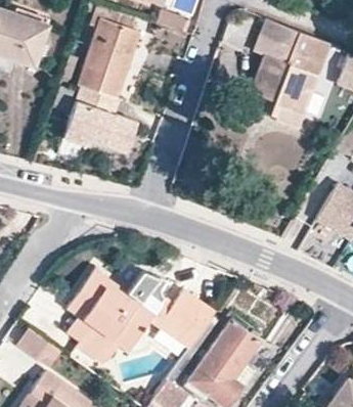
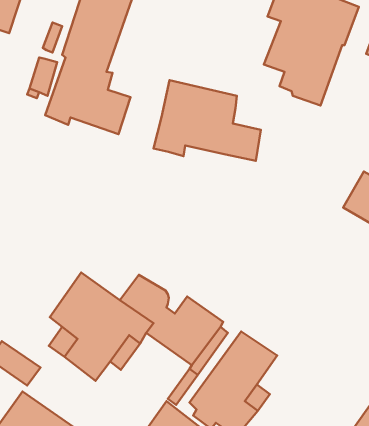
building: none -> [153,80,261,161]

